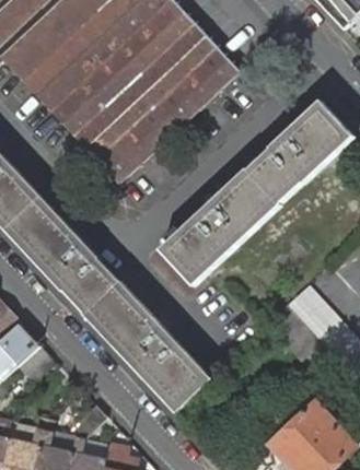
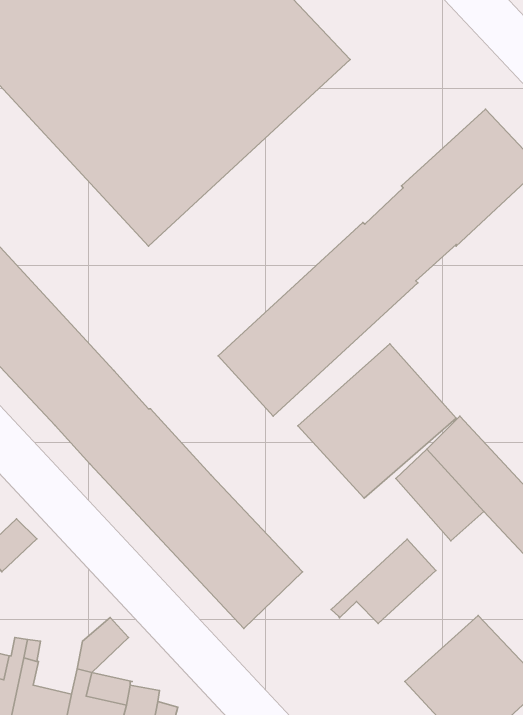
building: none -> [298,344,456,498]
building: none -> [331,539,436,623]

